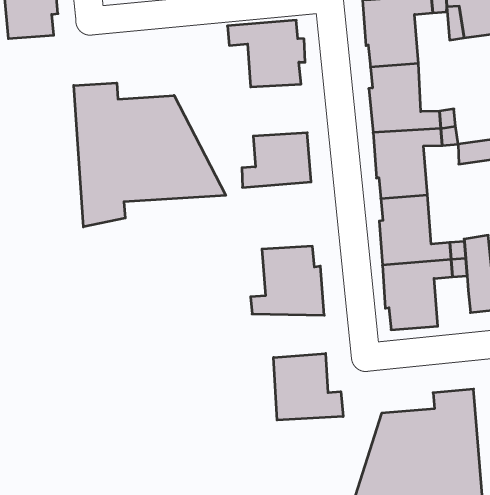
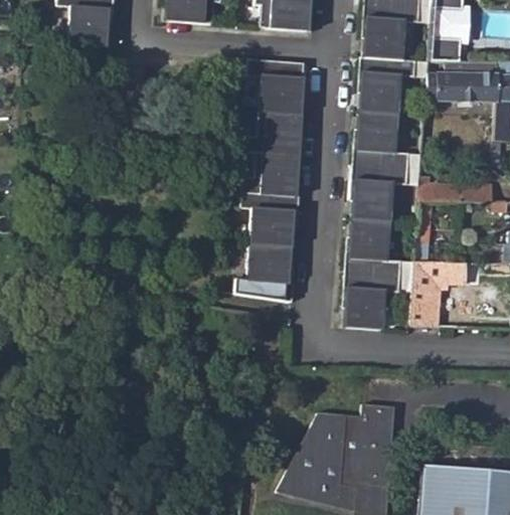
building: [74,83,226,227] -> none
building: none -> [241,113,304,157]
building: none -> [240,193,300,249]
building: [274,353,343,420] -> none

